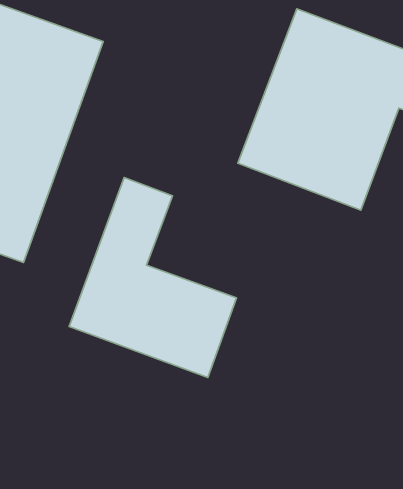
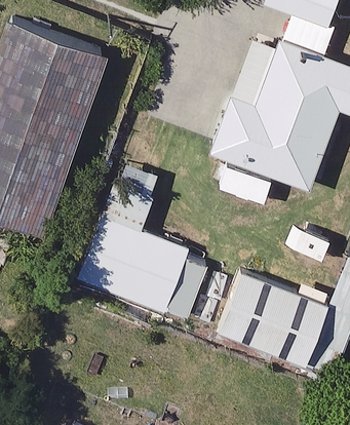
building: none -> [218,273,327,366]

